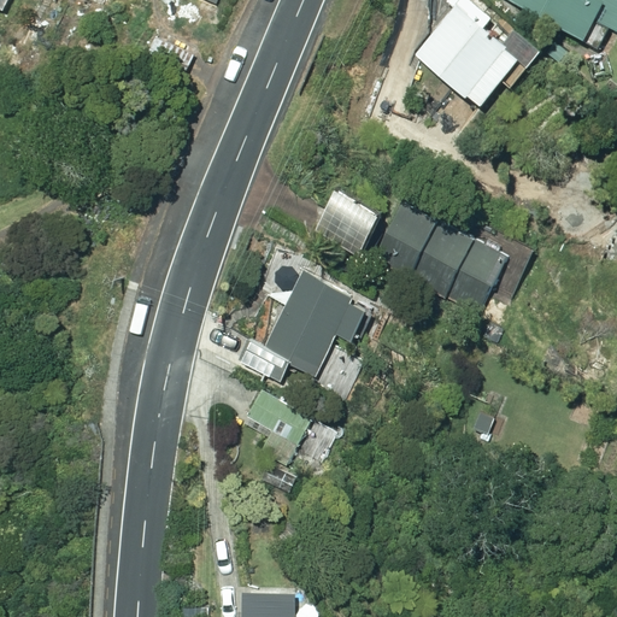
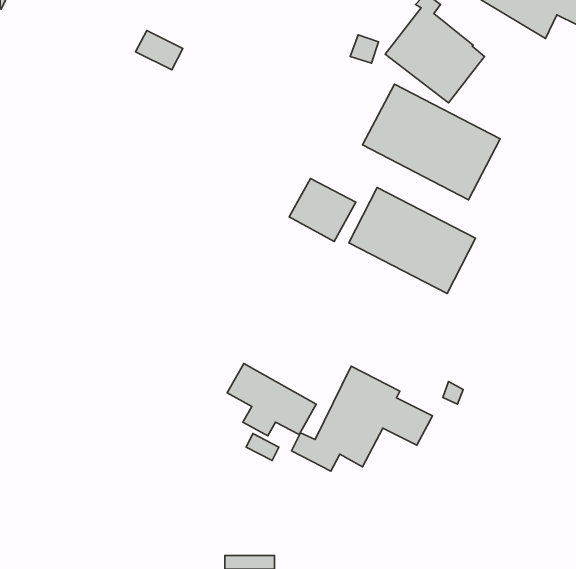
building: none -> [363,84,500,200]
building: [239,269,389,381] -> [291,366,433,471]

